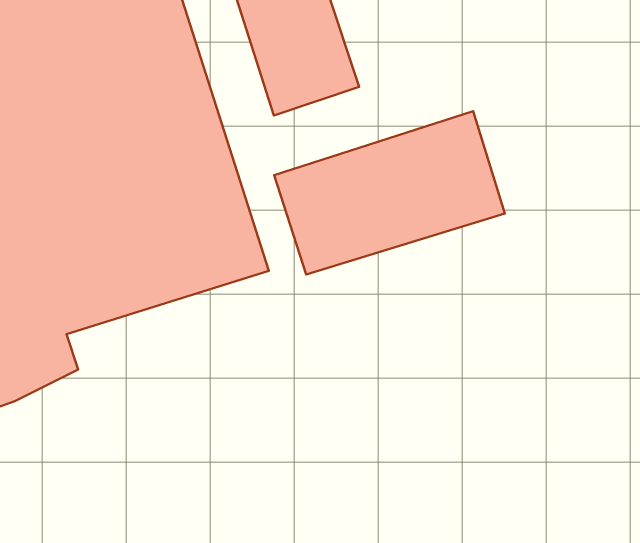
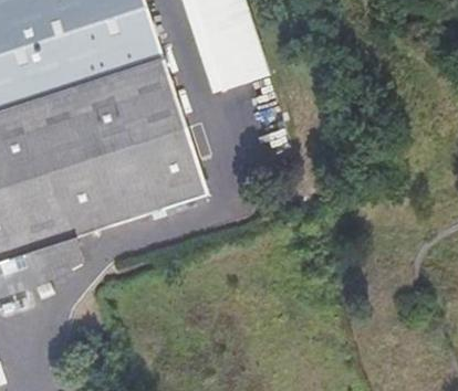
building: [274,111,505,275] -> none

